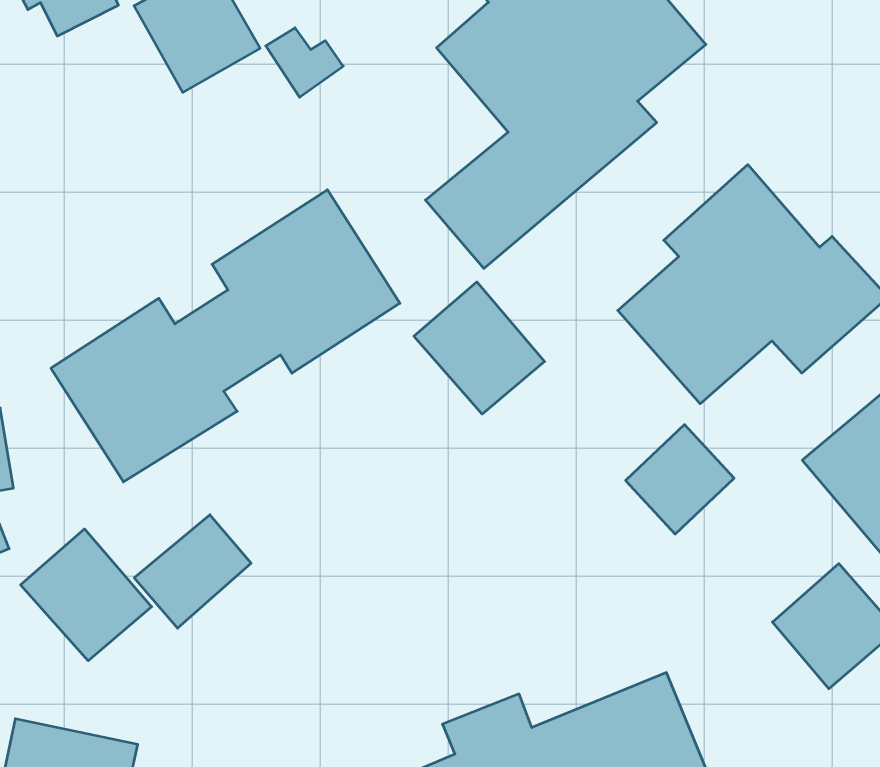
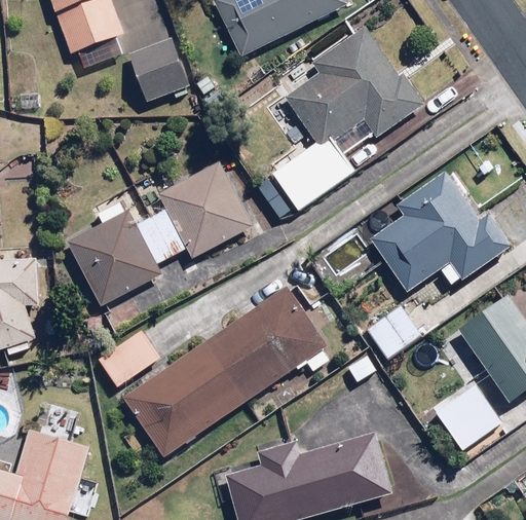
building: [414,282,545,414] -> none
building: none -> [122,284,329,459]
building: [21,529,152,661] -> none

